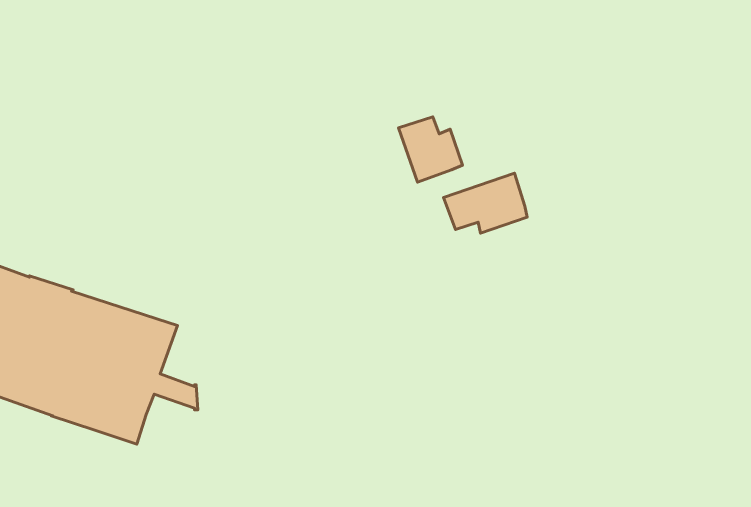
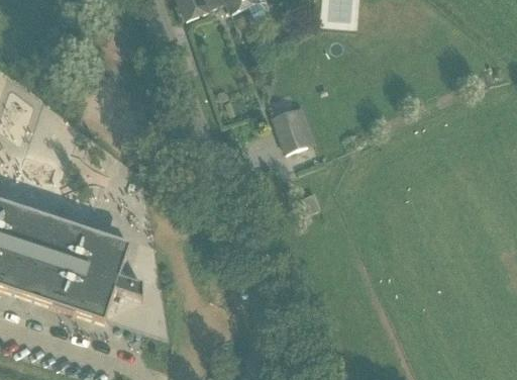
building: [444,173,527,233] -> none

